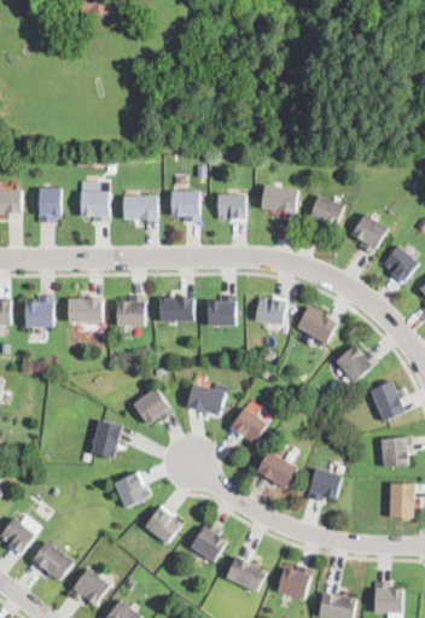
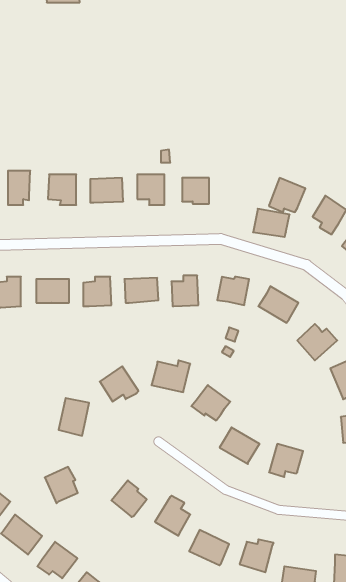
building: [260,183,297,212] -> [253,209,290,237]
building: [113,471,147,508] -> [45,467,78,503]

